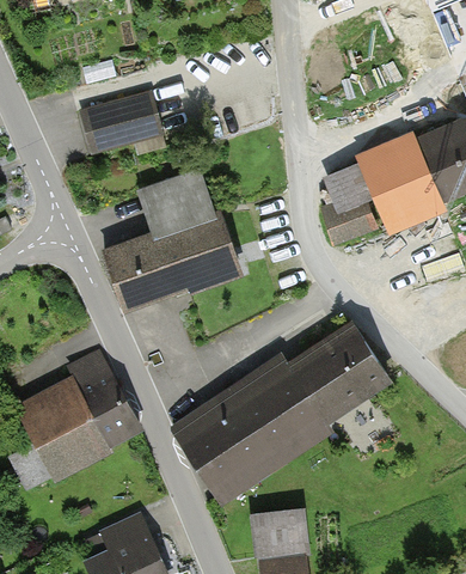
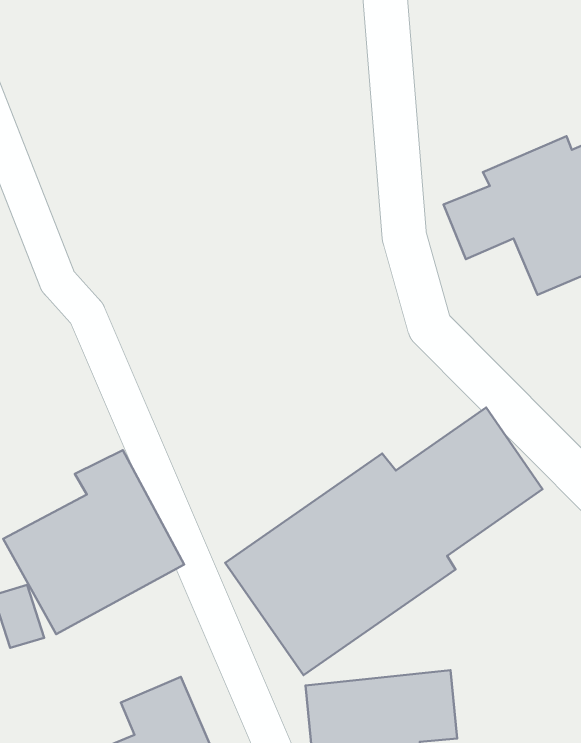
building: [78,88,163,157] -> none
building: [104,169,244,311] -> none

